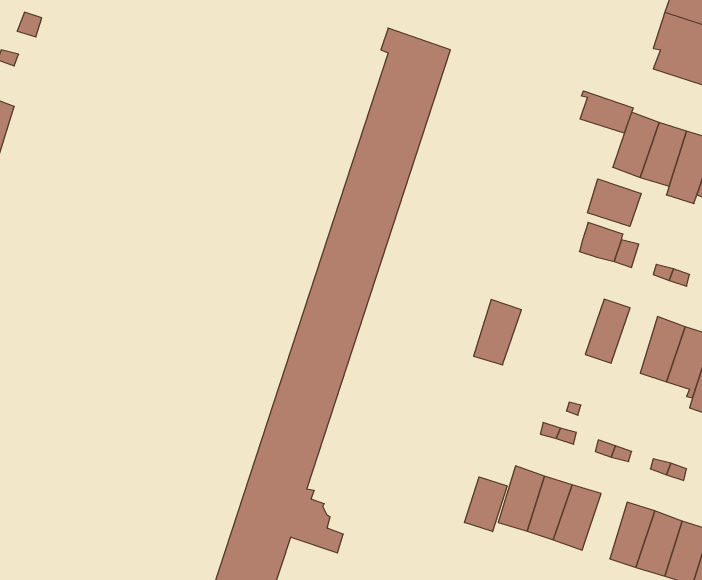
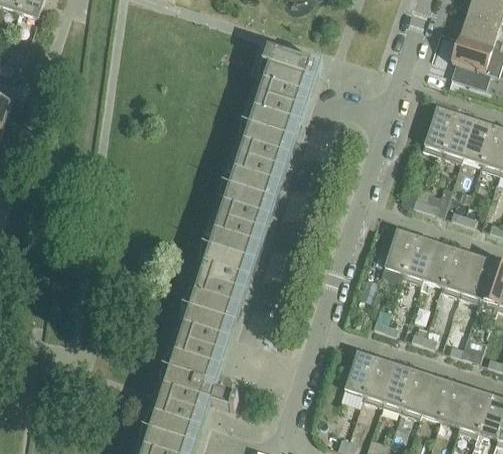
building: [580,91,633,133] -> none
building: [588,179,641,226] -> none
building: [474,300,521,365] -> [384,228,417,273]
building: none -> [422,241,454,286]
building: [465,477,507,532] -> none
building: none -> [402,369,433,414]

